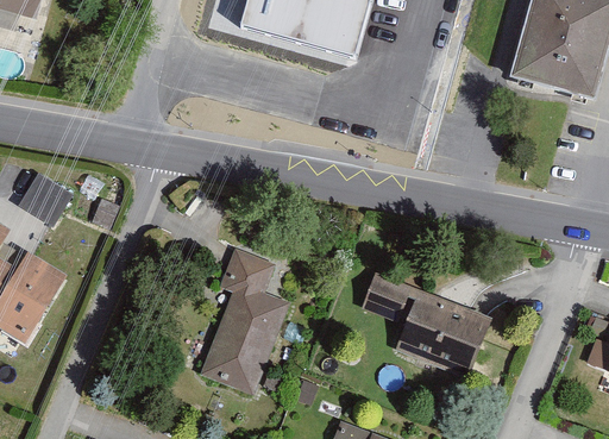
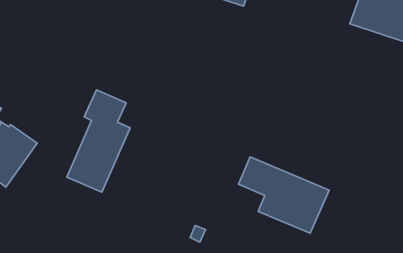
building: [19,171,74,225] -> none
building: [199,249,287,397] -> [67,90,130,192]

